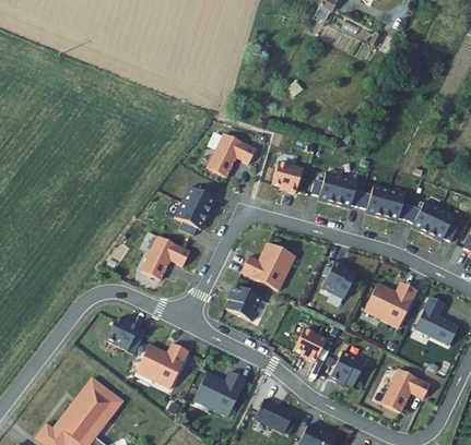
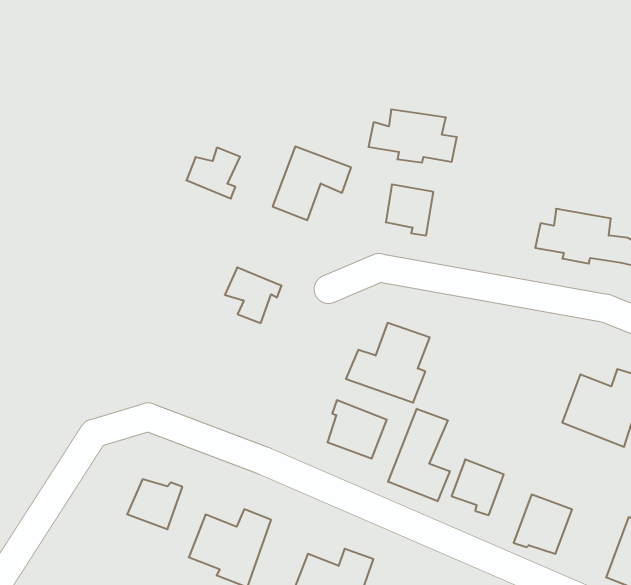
building: [309,172,362,206] -> [368,109,457,163]
building: [181,184,214,215] -> [186,148,240,199]
building: [141,237,189,280] -> none
building: [321,261,356,299] -> none
building: none -> [388,409,450,501]

